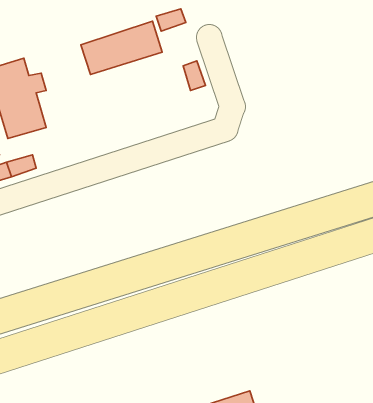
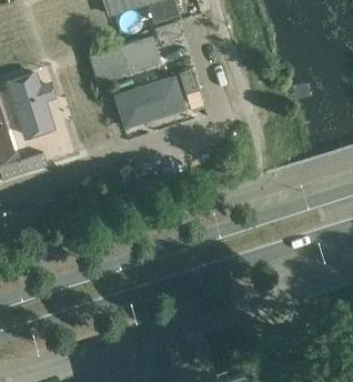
building: none -> [113,77,186,131]

